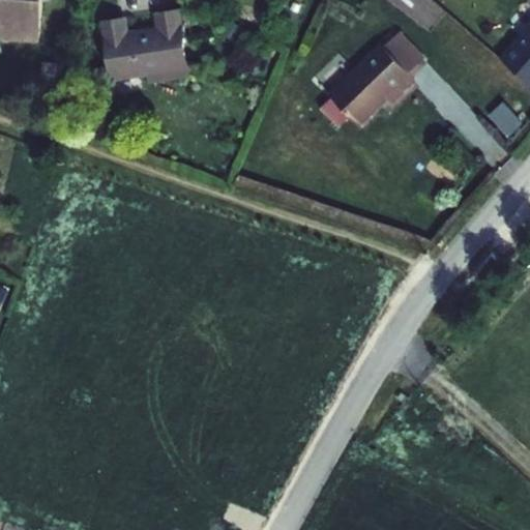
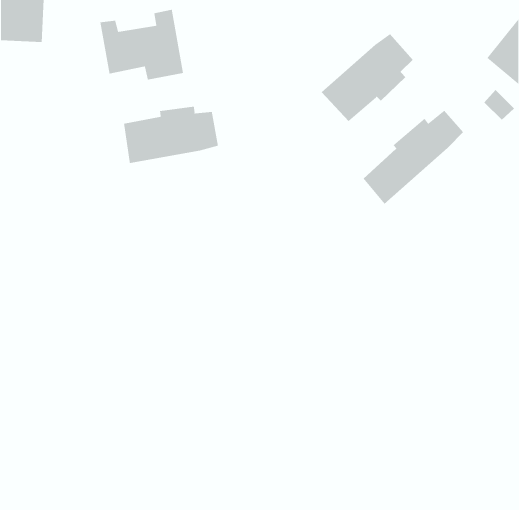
building: none -> [123,106,218,164]
building: none -> [363,110,464,205]

